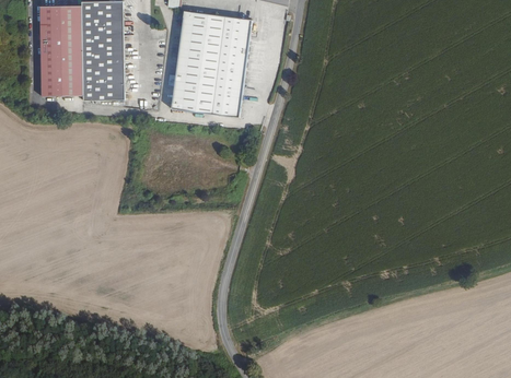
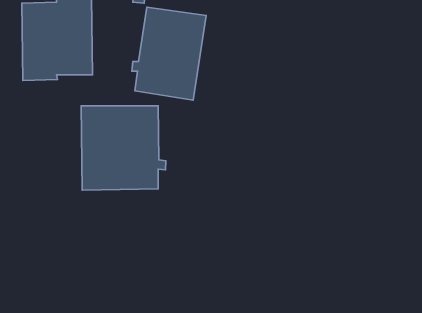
building: none -> [81,106,166,190]

